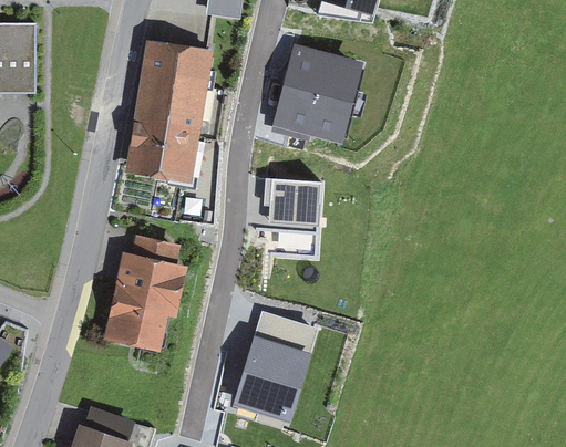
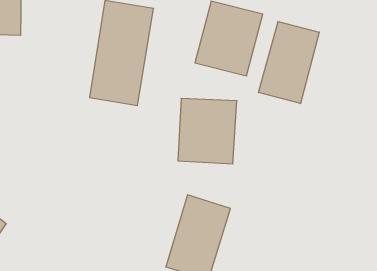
building: none -> [259,21,319,104]
building: [103,237,189,352] -> none

